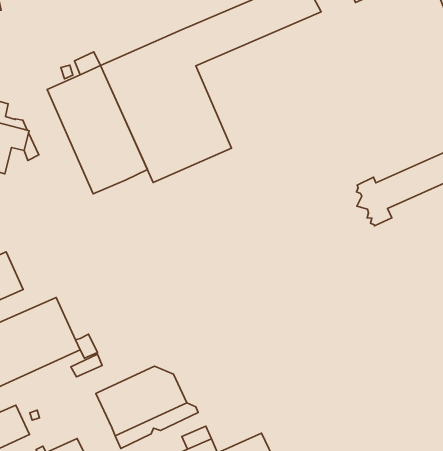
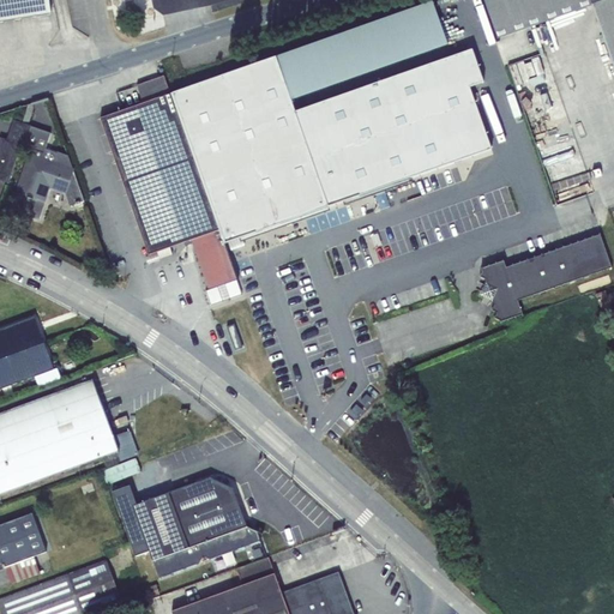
building: none -> [295,50,492,209]
building: none -> [191,228,236,288]
building: none -> [112,484,149,555]

